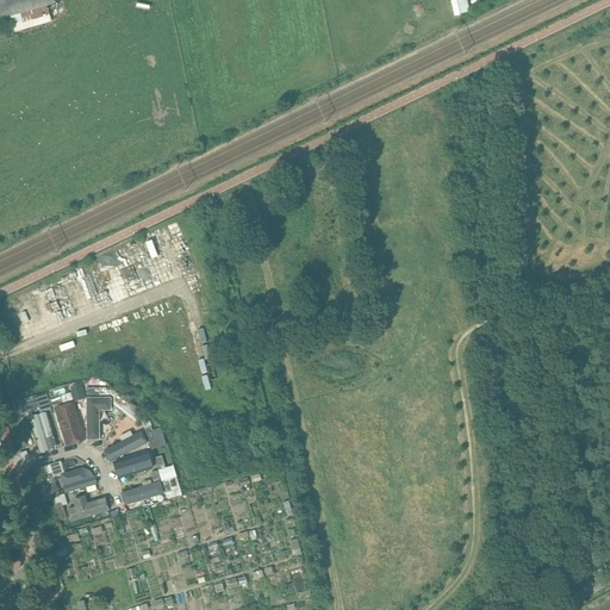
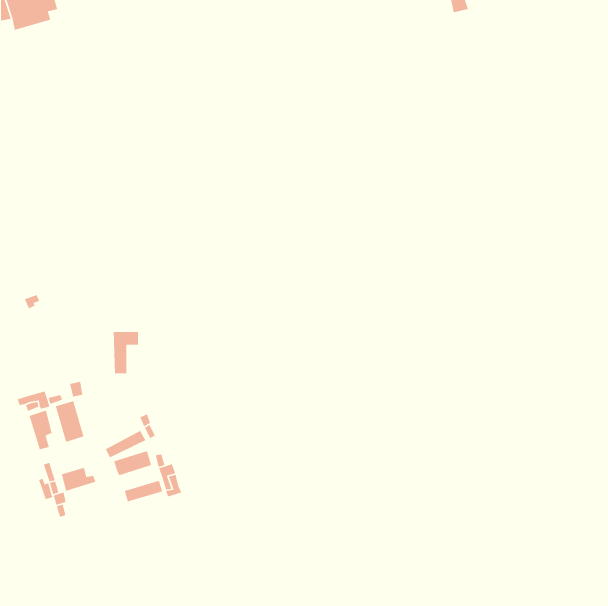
building: [86,396,112,438] -> [113,331,139,374]
building: [67,494,106,519] -> none

